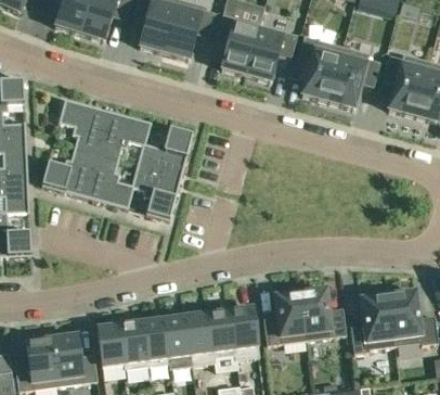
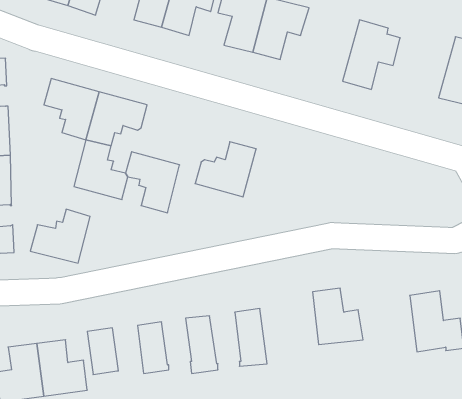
building: [298,35,344,100] -> none
building: [383,52,430,115] -> none
building: [138,126,193,176] -> [195,142,256,197]
building: [42,146,96,195] -> [30,209,90,263]
building: [264,291,307,344] -> none
building: [351,294,396,353] -> none
building: [208,309,236,356] -> none
building: [165,315,192,357] -> none
building: [120,321,148,368] -> none

